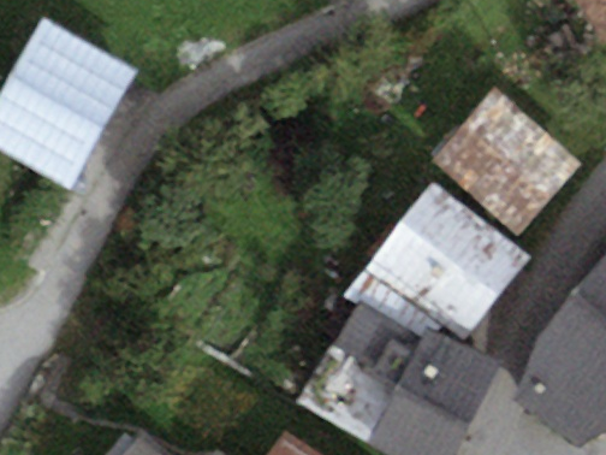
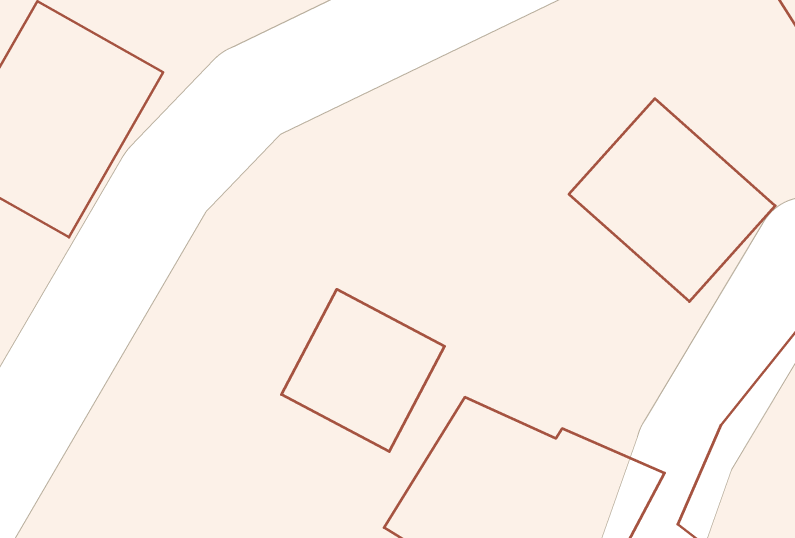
building: [349,183,530,339] -> none
building: none -> [281,289,445,452]

